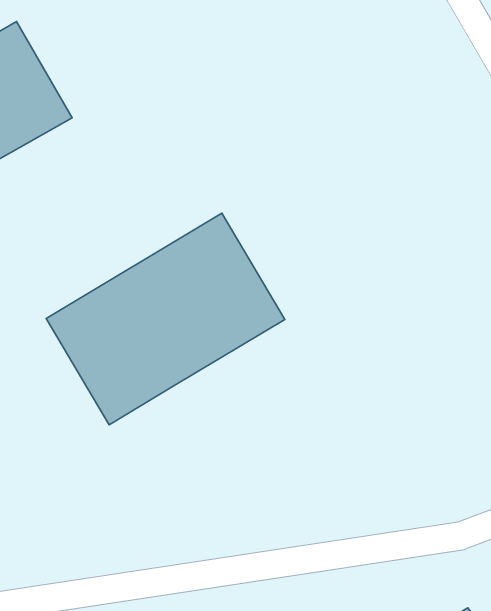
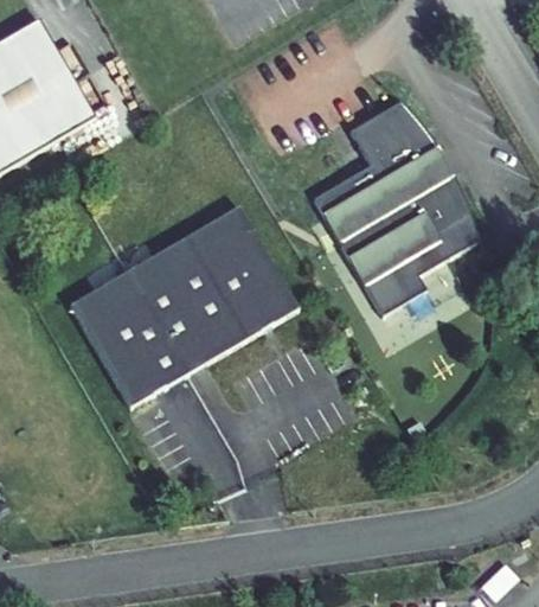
building: none -> [313,100,479,313]

